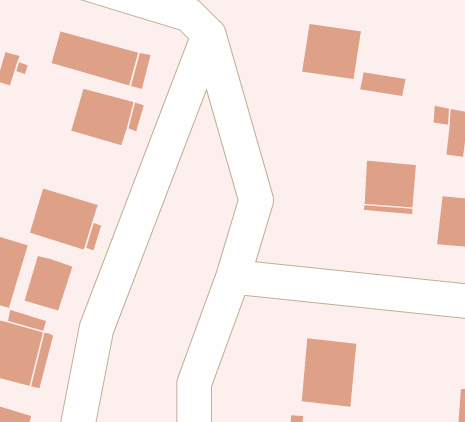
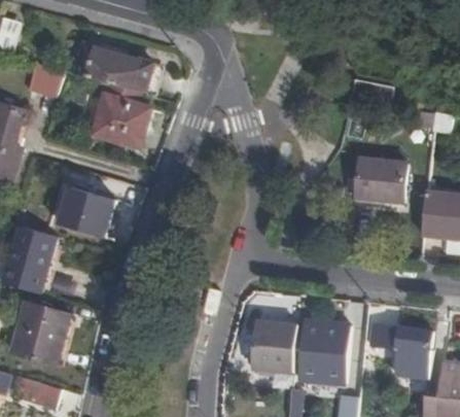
building: [301,23,362,80] -> none
building: [23,255,73,312] -> none
building: none -> [254,321,296,373]
building: none -> [371,323,433,377]

